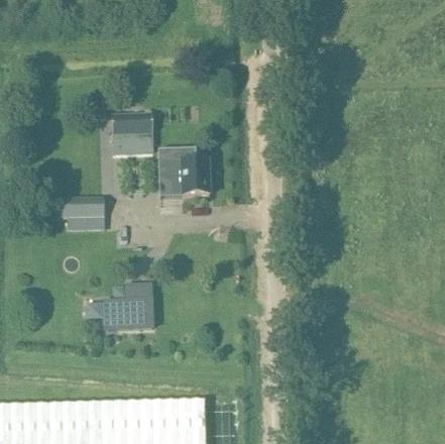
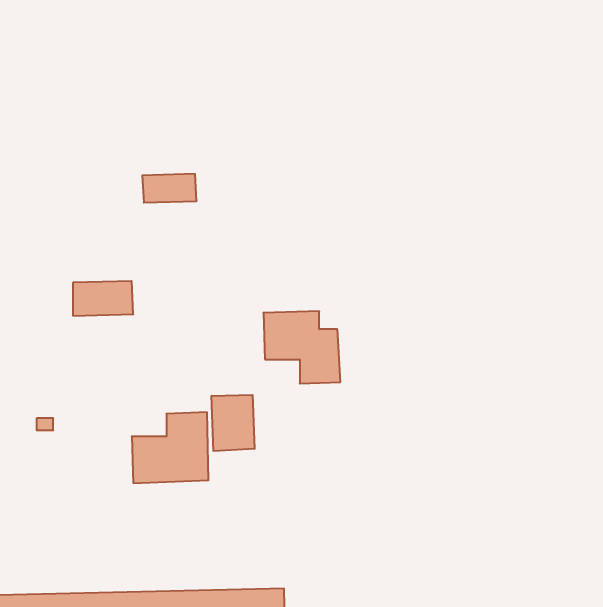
building: [157,148,209,197] -> [263,311,340,384]
building: none -> [212,395,254,451]

